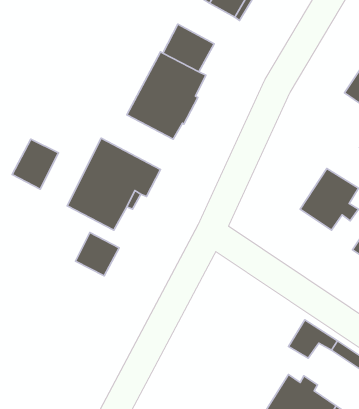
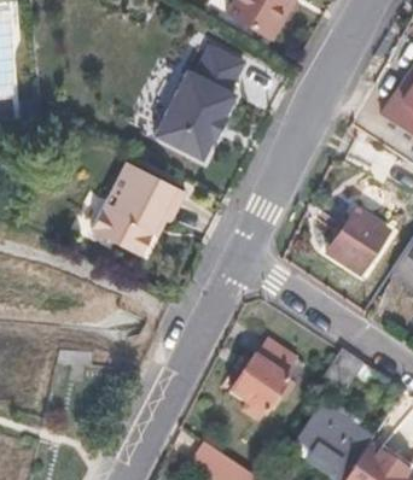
building: [12,139,58,189] -> none
building: [76,232,119,276] -> none
building: none -> [232,343,303,423]

